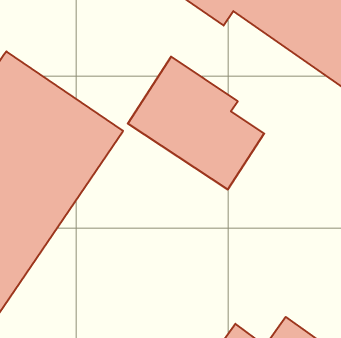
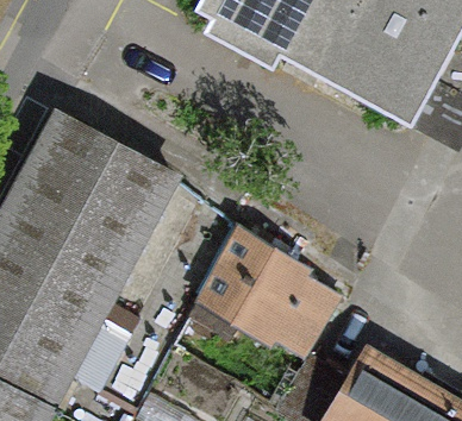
building: [128,57,264,189] -> [200,228,338,356]

